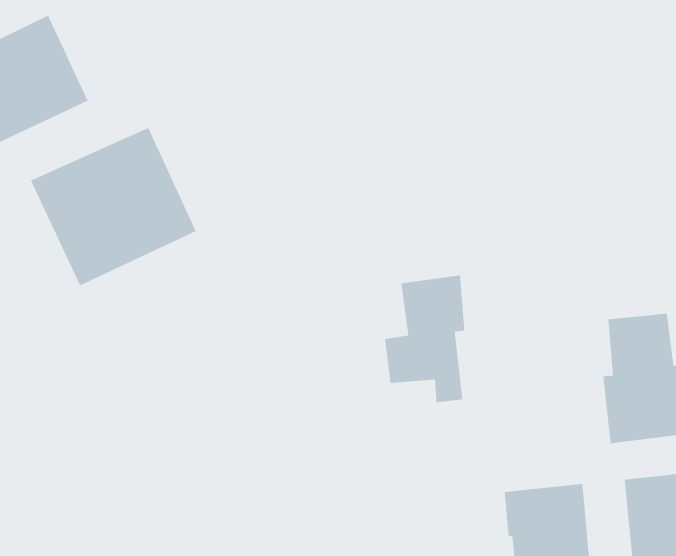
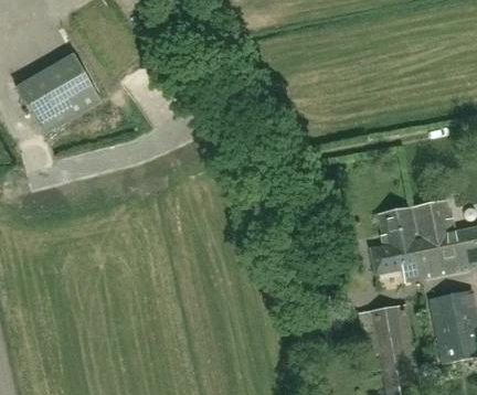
building: [30,127,196,286] -> none
building: [384,275,465,403] -> [371,206,420,281]

